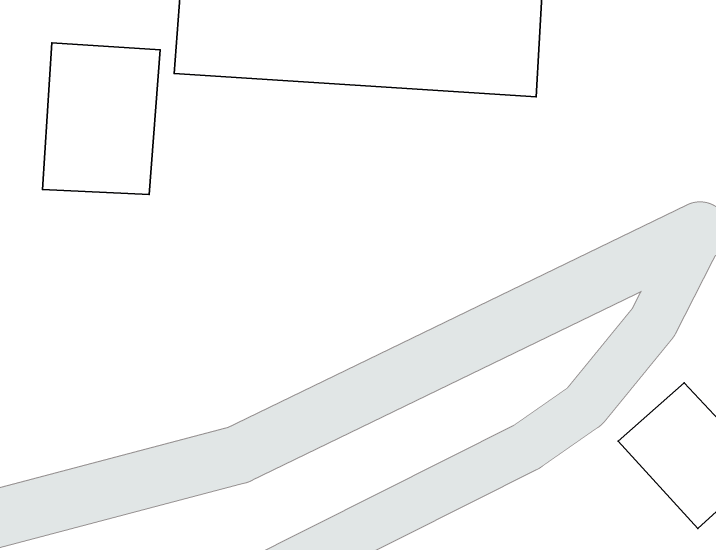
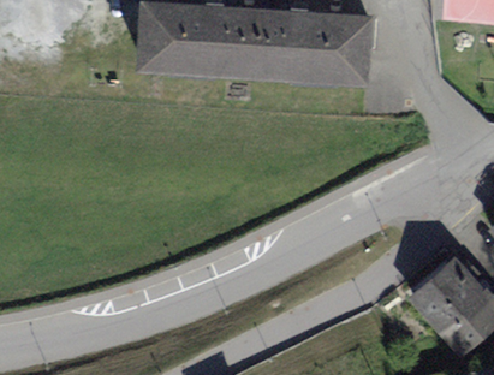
building: [42,43,160,195] -> none

